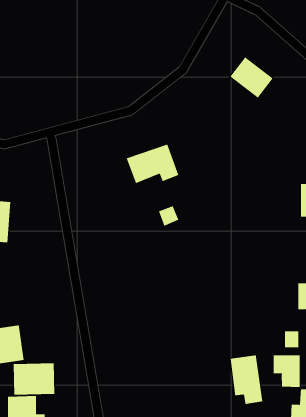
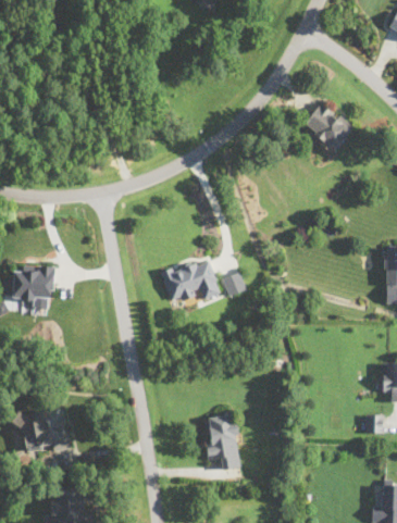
building: [126,144,179,184] -> [160,258,221,303]
building: [273,354,300,388] -> none
building: [230,355,263,404] -> [203,414,241,471]
building: [13,362,55,396] -> none

